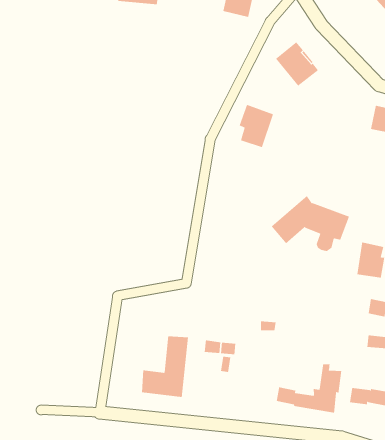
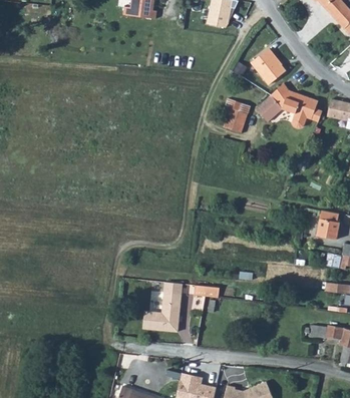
building: [271,195,350,252] -> [255,83,318,128]
building: [276,364,342,414] -> none

